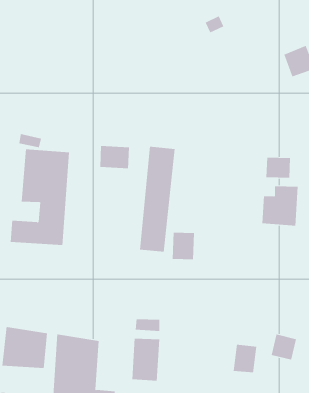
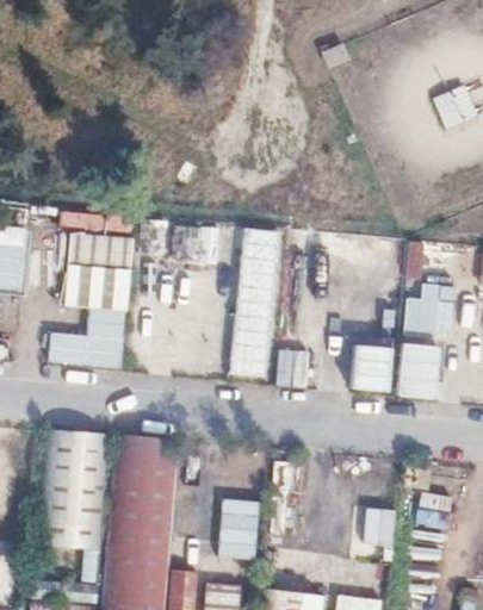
building: none -> [351,342,441,397]
building: none -> [42,418,109,492]
building: none -> [113,432,178,503]

